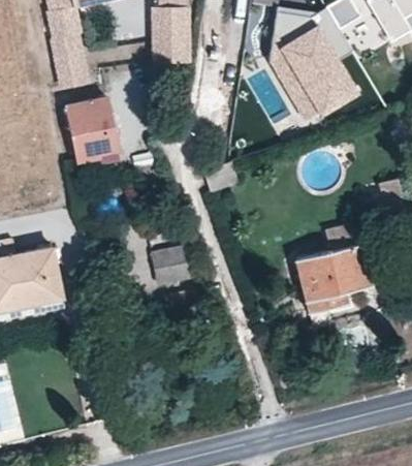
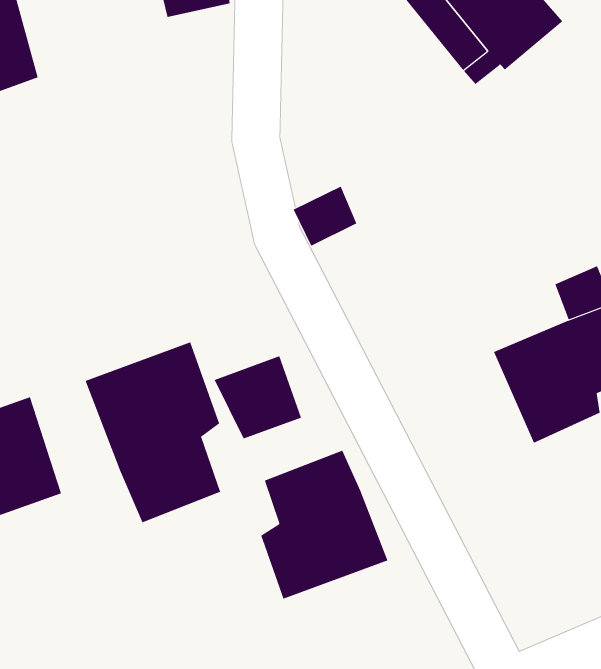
building: [64,97,119,163] -> none
building: none -> [85,342,221,523]
building: none -> [260,450,388,599]

